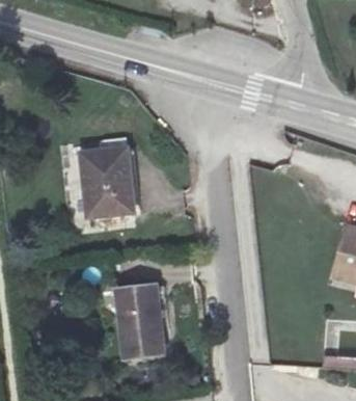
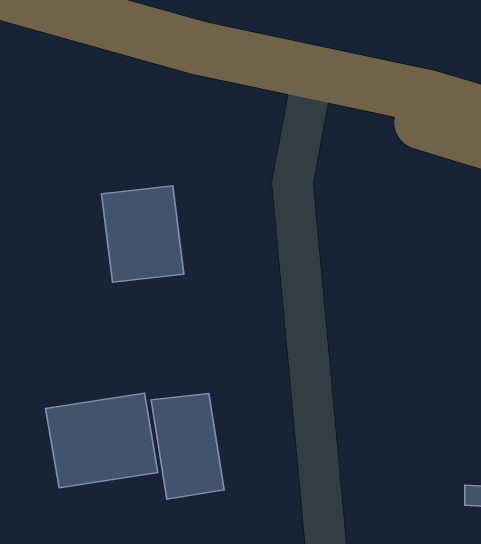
building: none -> [46,393,158,488]

